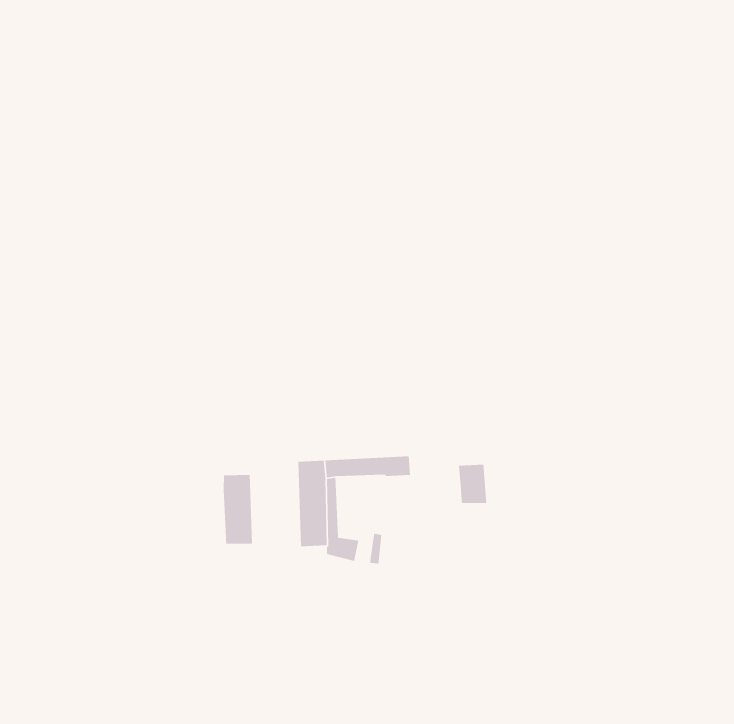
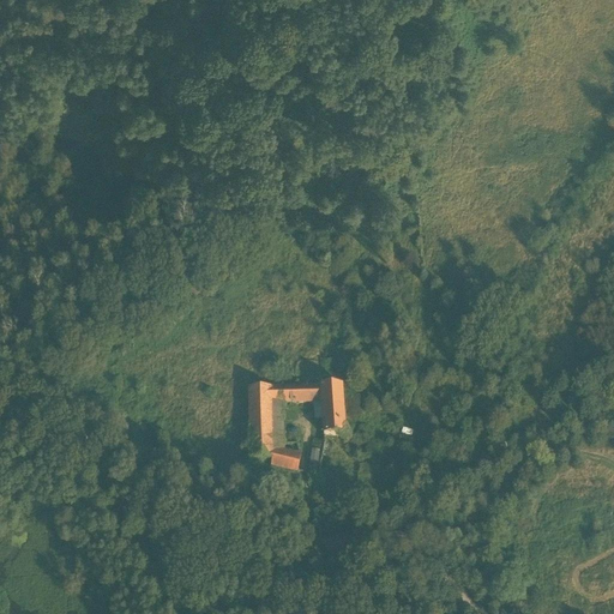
building: [458,464,487,504] -> [321,397,345,431]
building: [223,474,253,545] -> none

